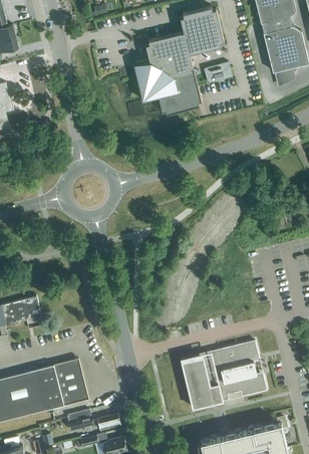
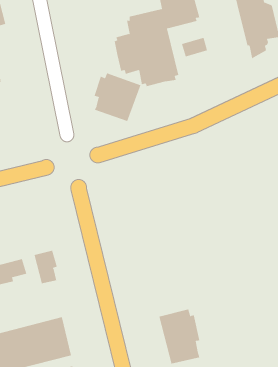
building: none -> [94,72,141,122]
building: none -> [34,250,57,284]
building: [217,340,267,396] -> none

